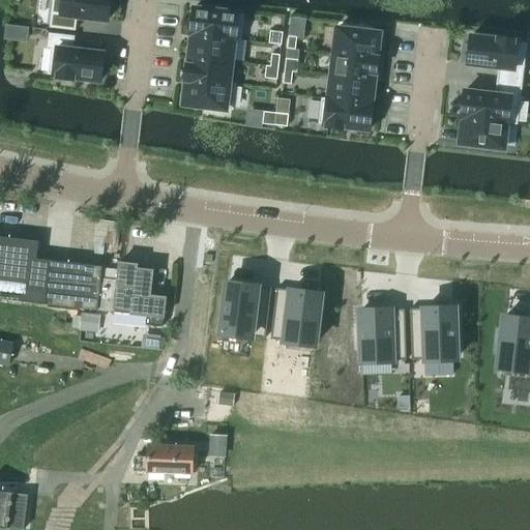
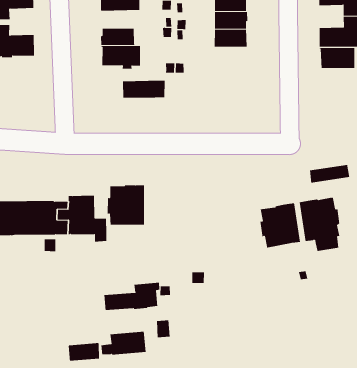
building: [189,33,246,61] -> [122,80,165,98]
building: [318,96,372,128] -> none
building: none -> [310,164,350,184]
building: [218,282,271,336] -> [107,185,145,225]
building: [270,287,322,343] -> none
building: none -> [104,282,160,311]
building: none -> [61,342,100,361]

